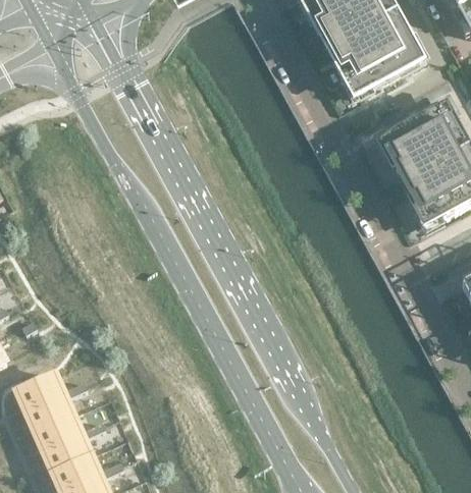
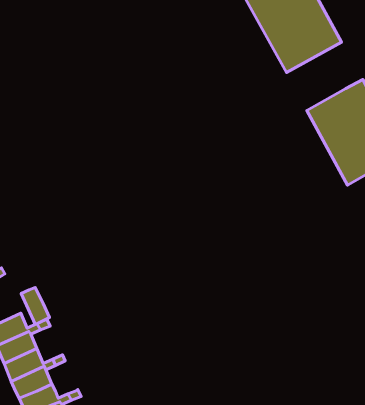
building: none -> [21,287,50,324]

